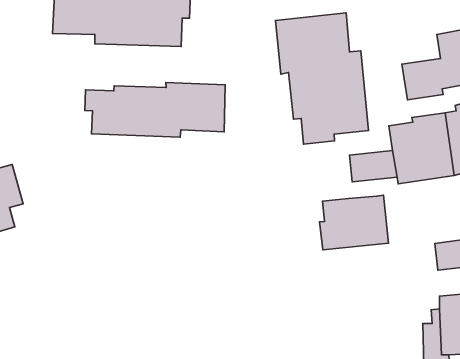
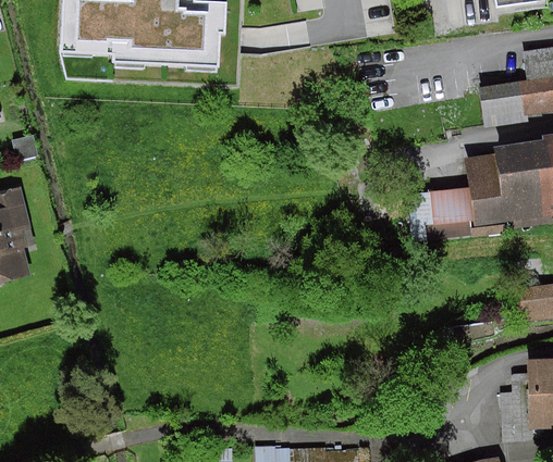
building: [276,13,369,144] -> none
building: [85,82,225,137] -> none
building: [320,195,389,250] -> none

